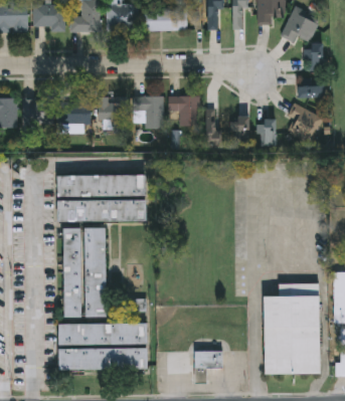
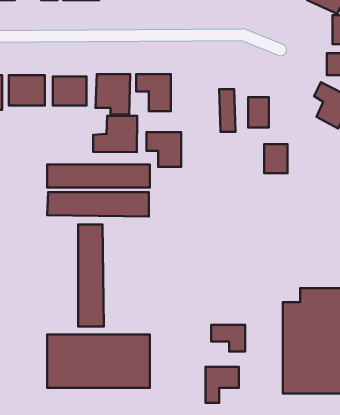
building: [170,95,200,126] -> [147,132,181,167]
building: [257,120,278,145] -> [264,144,287,173]
building: none -> [93,116,137,152]
building: [62,227,80,317] -> none
building: none -> [211,325,245,351]

